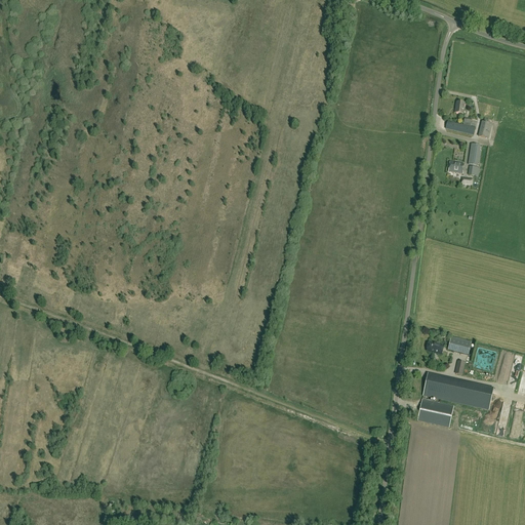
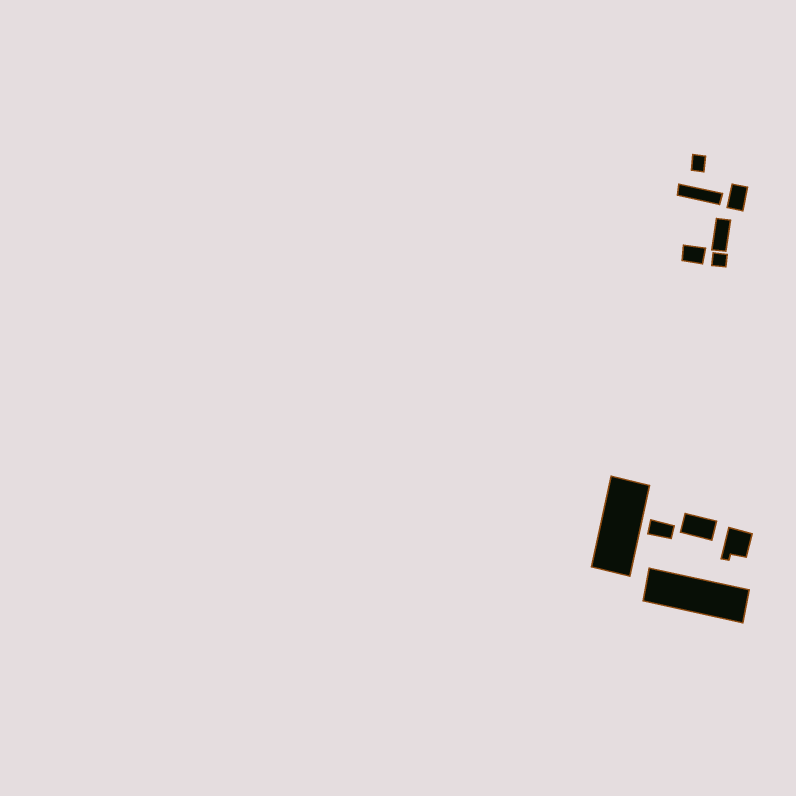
building: none -> [591,476,650,576]
building: [416,399,453,427] -> none

